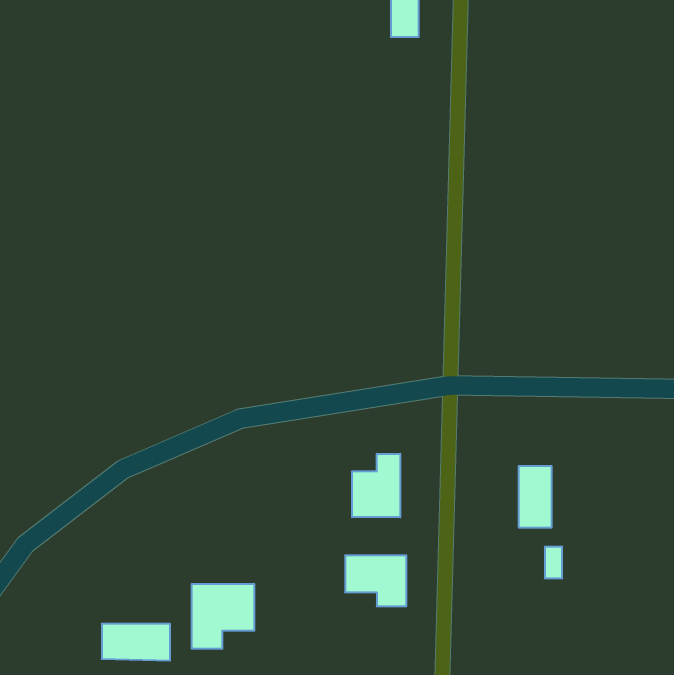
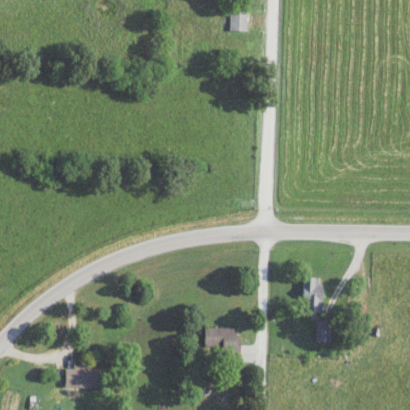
building: [352,454,400,517] -> none
building: [192,584,254,649] -> none

